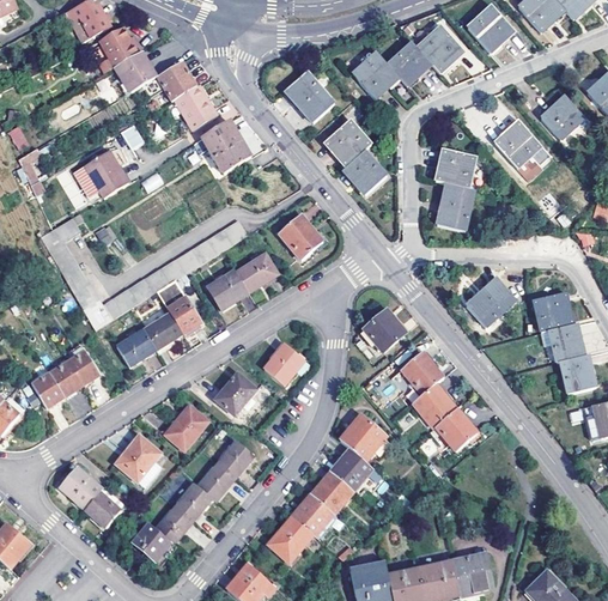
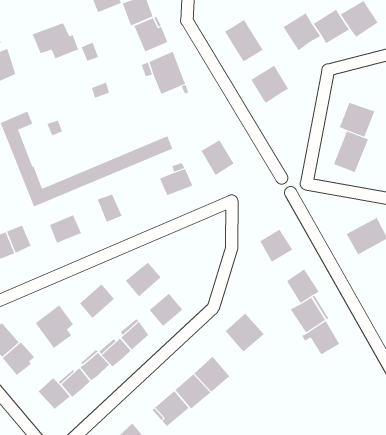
building: [343,148,387,193] -> none
building: [71,153,128,198] -> [32,23,79,59]
building: [207,269,248,308] -> none
building: [142,312,182,350] -> none
building: [266,345,305,386] -> [149,293,183,327]
building: [330,447,373,490] -> none

